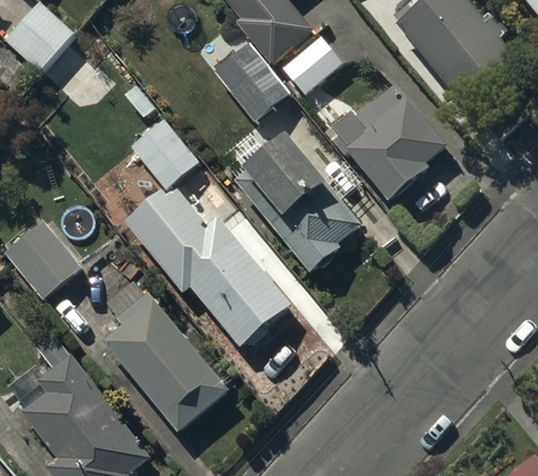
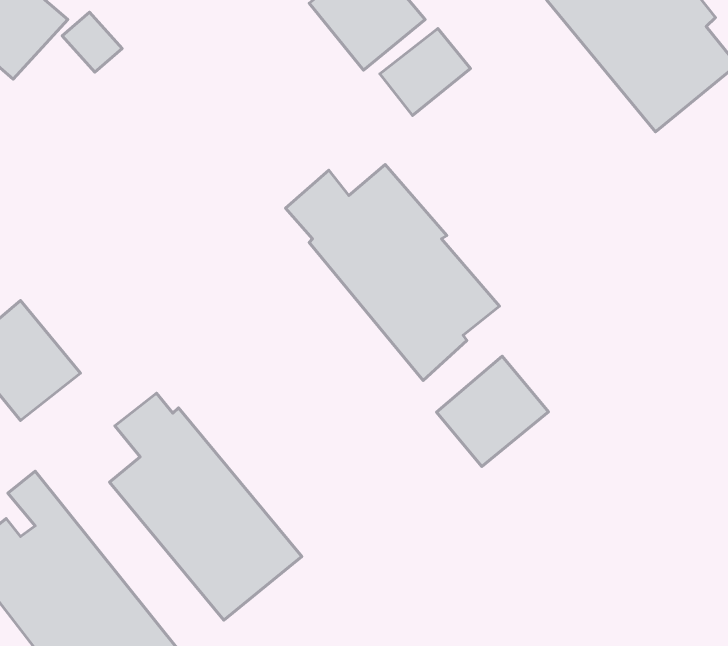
building: [213,44,290,121] -> none
building: [325,86,446,200] -> none
building: [121,121,288,345] -> none
building: none -> [437,356,548,466]

